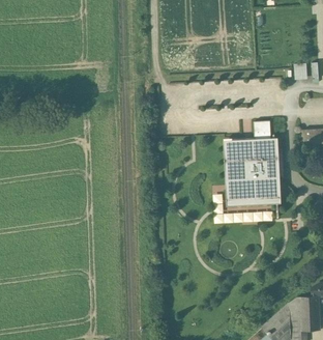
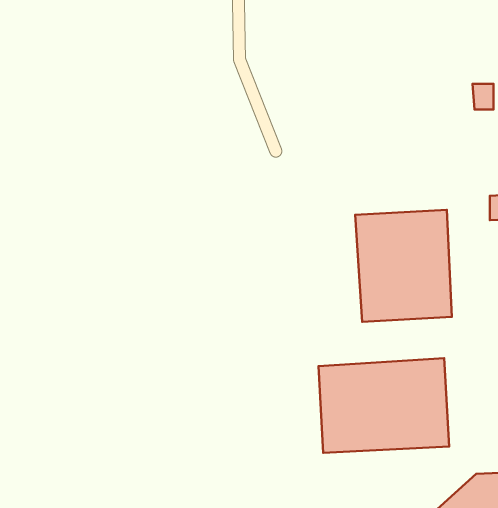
building: none -> [318,358,449,453]

